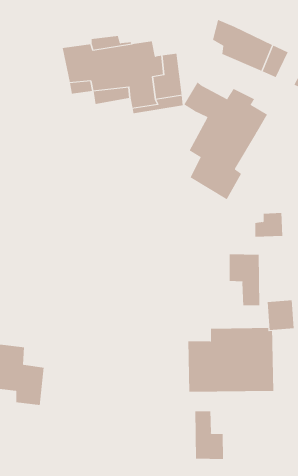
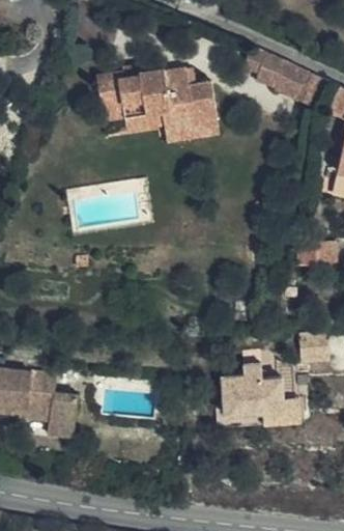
building: [183,81,268,200] -> none
building: [229,253,260,306] -> none
building: [195,411,223,460] -> none

